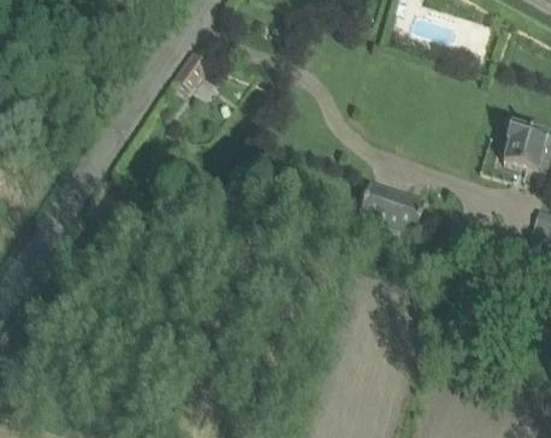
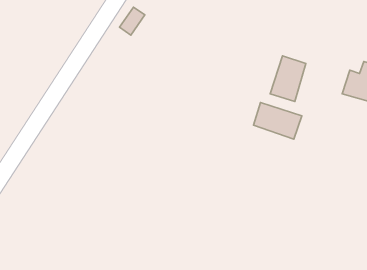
building: none -> [270,56,306,101]

